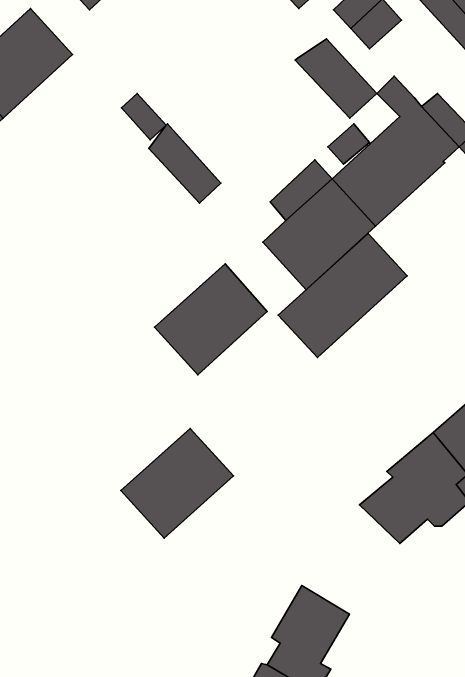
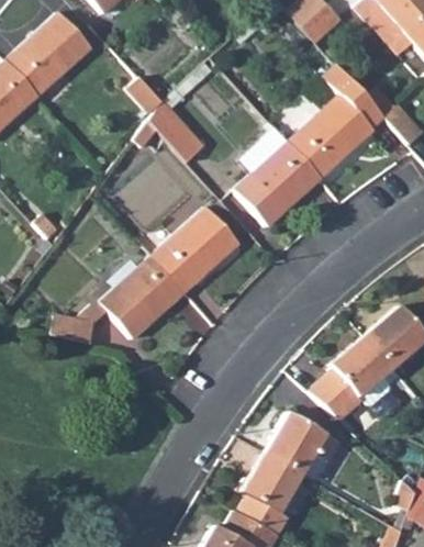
building: [295,39,377,118] -> none
building: [278,234,407,358] -> none
building: none -> [52,303,105,343]
building: [121,428,234,538] -> [101,255,187,338]
building: none -> [266,413,341,473]

